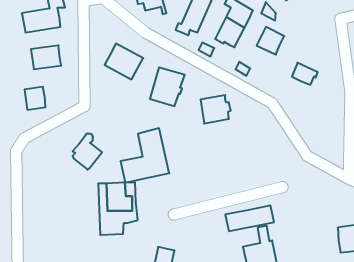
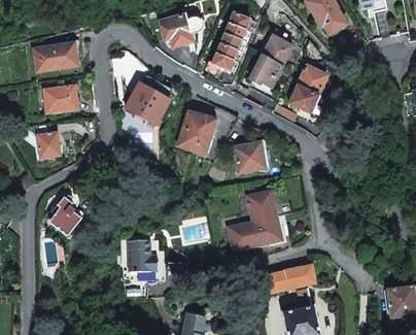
building: [292,63,318,85] -> [290,86,319,110]
building: [120,128,169,182] -> [228,190,282,250]
building: [73,134,102,170] -> [49,195,82,235]

